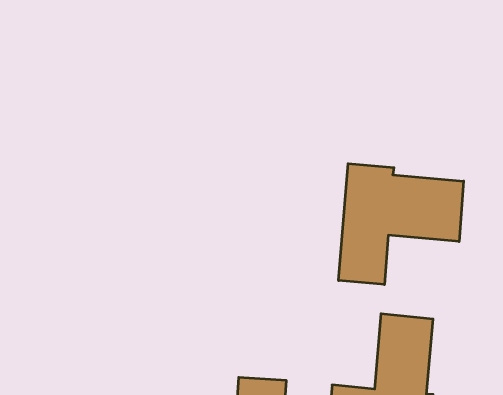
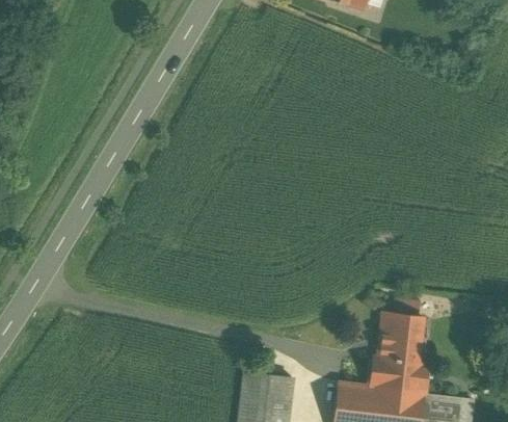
building: [339,164,464,285] -> none

